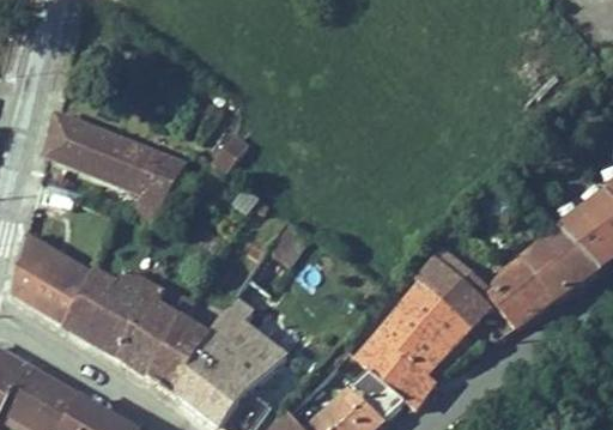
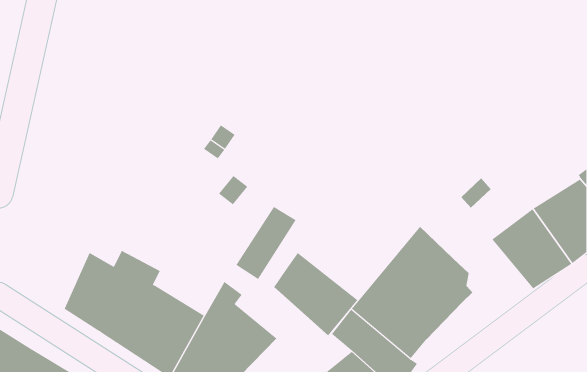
building: [43,111,187,220] -> none
building: [12,229,95,326] -> none
building: [473,246,556,333] -> none
building: none -> [274,252,358,336]

